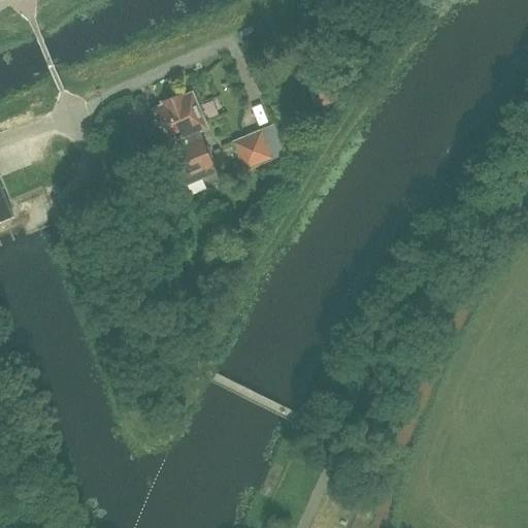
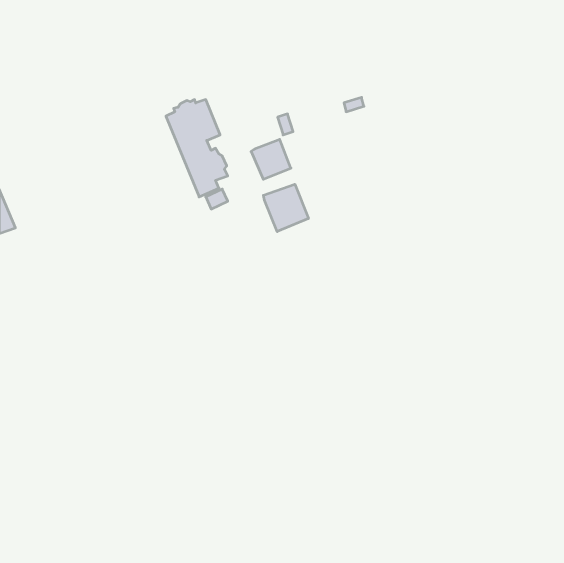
building: none -> [263,184,308,232]

